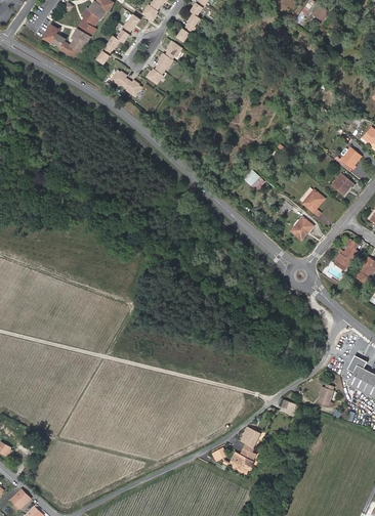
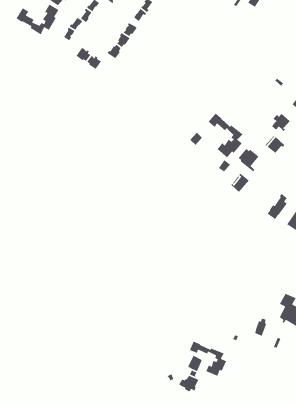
building: none -> [208,112,243,158]
building: none -> [189,341,227,377]

